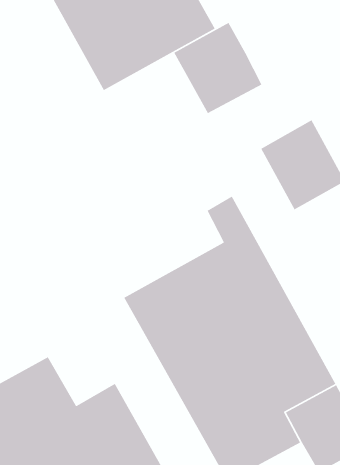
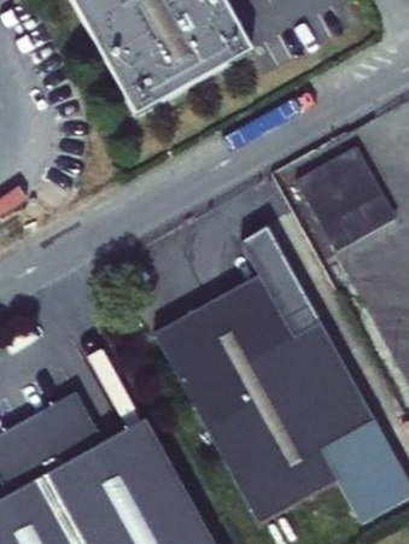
building: [173,22,262,114] -> none

